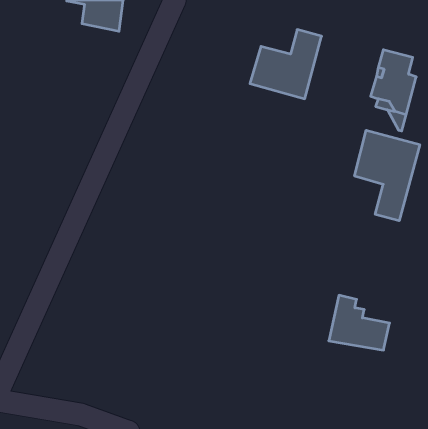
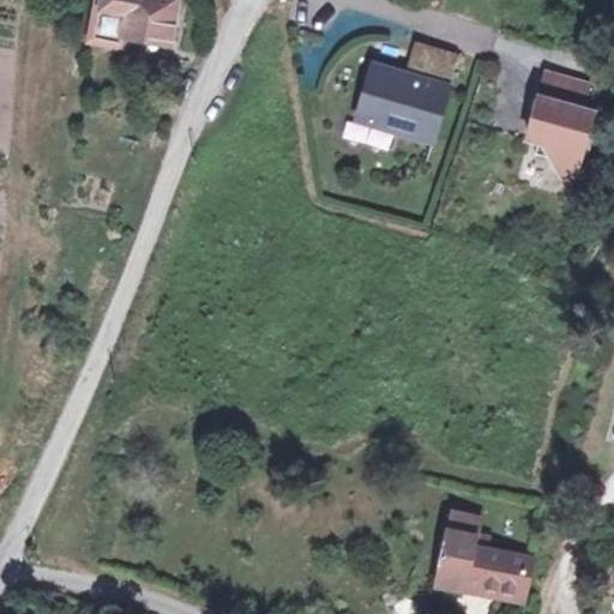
building: [355,130,420,221] -> none
building: [329,295,390,350] -> [438,510,524,588]

